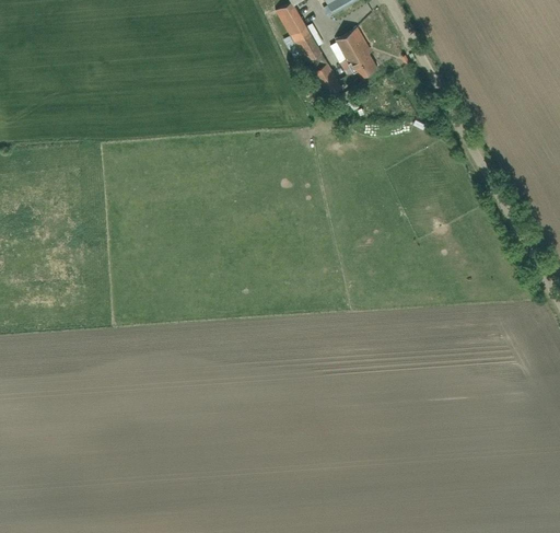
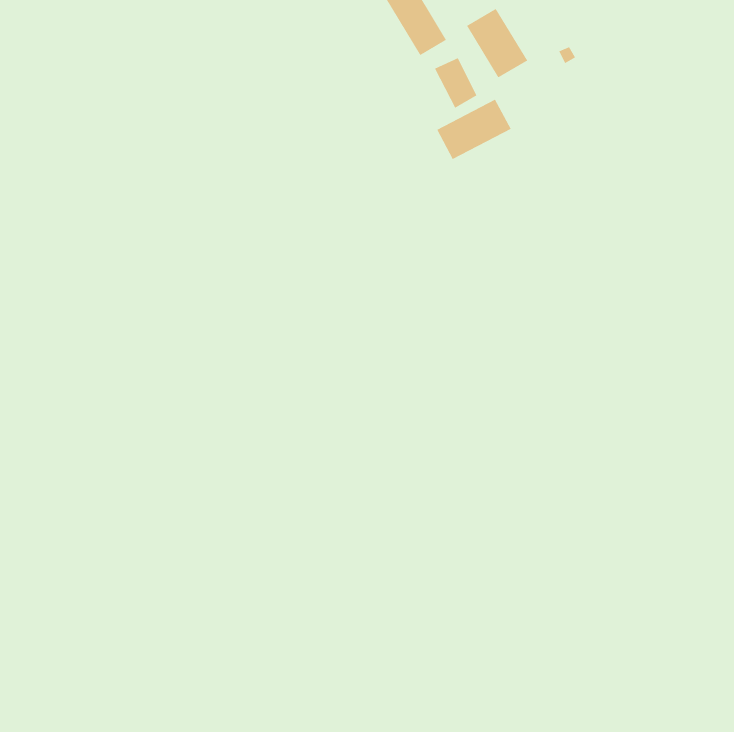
building: none -> [436,99,511,160]

